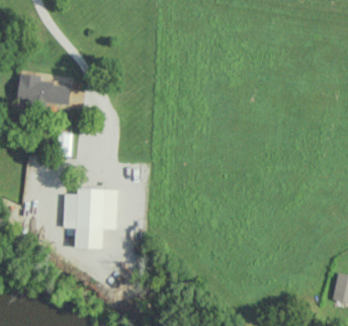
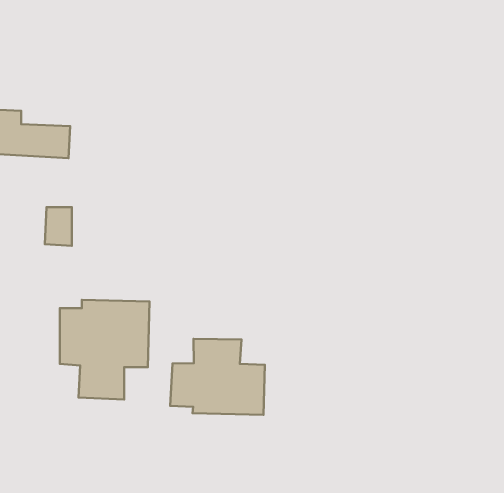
building: none -> [170,339,265,415]

